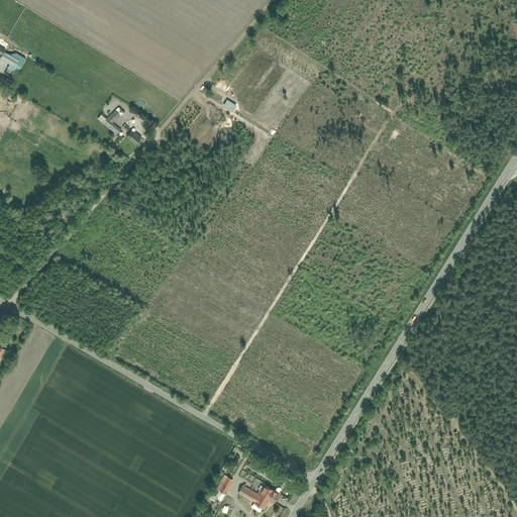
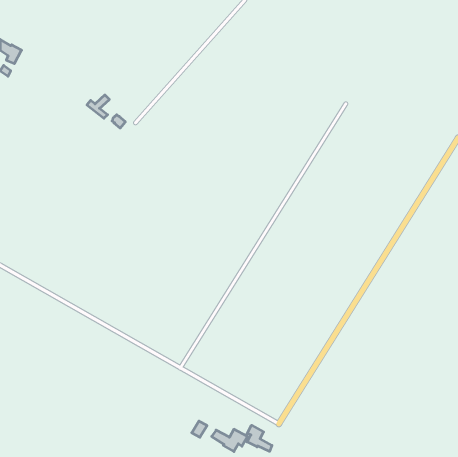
building: none -> [247,425,272,451]

